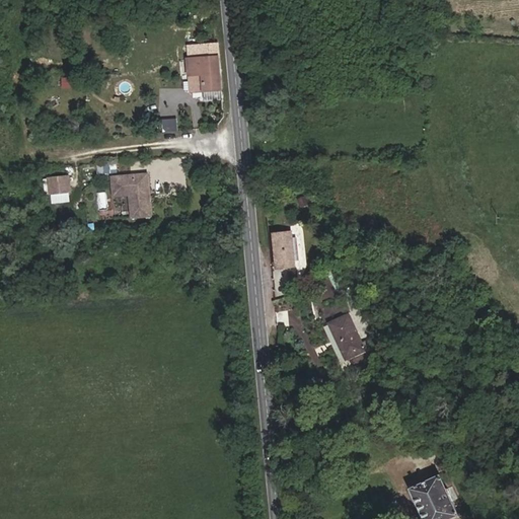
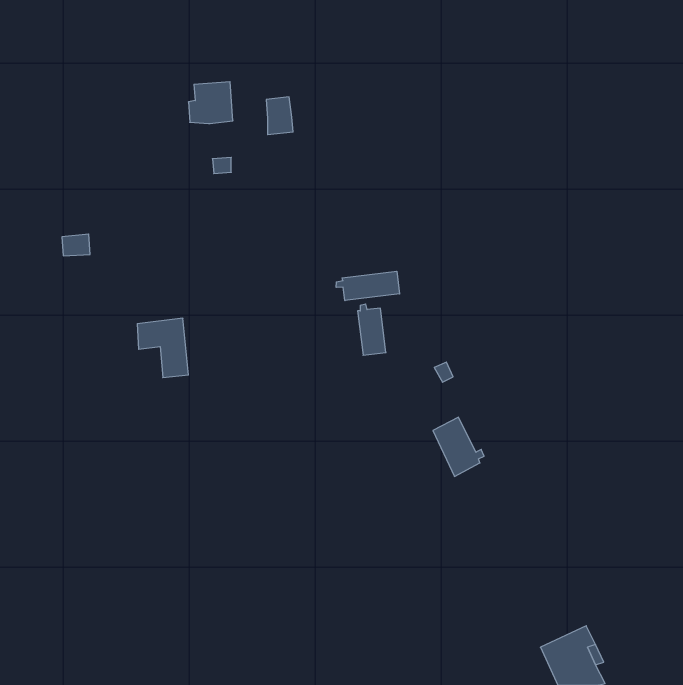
building: [184,44,218,75] -> [188,82,233,124]
building: [112,173,150,218] -> [137,318,188,378]
building: none -> [336,271,400,301]

